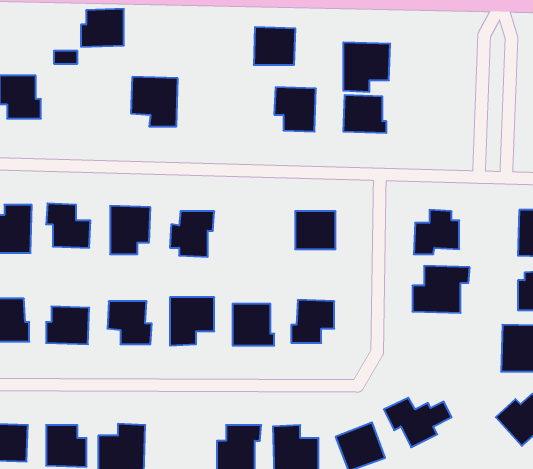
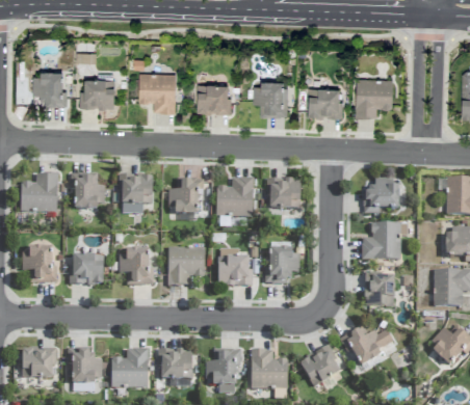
building: [81,9,124,47] -> [80,78,114,108]
building: [254,27,295,65] -> [197,83,230,113]
building: [343,42,390,92] -> [356,78,393,117]
building: none -> [217,179,255,218]
building: none -> [365,273,395,307]
building: none -> [160,350,193,380]

